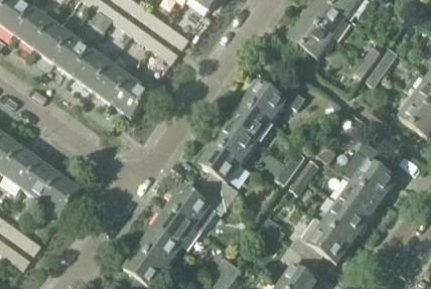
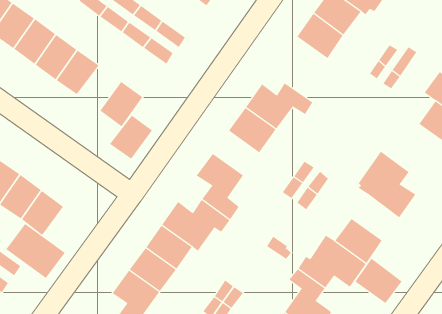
building: [93,64,132,105] -> [109,115,153,160]
building: [214,123,257,163] -> none
building: [339,180,383,222] -> [354,258,403,304]
building: none -> [6,223,65,279]

